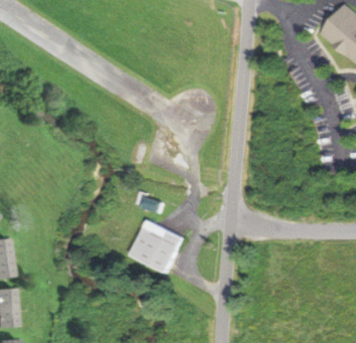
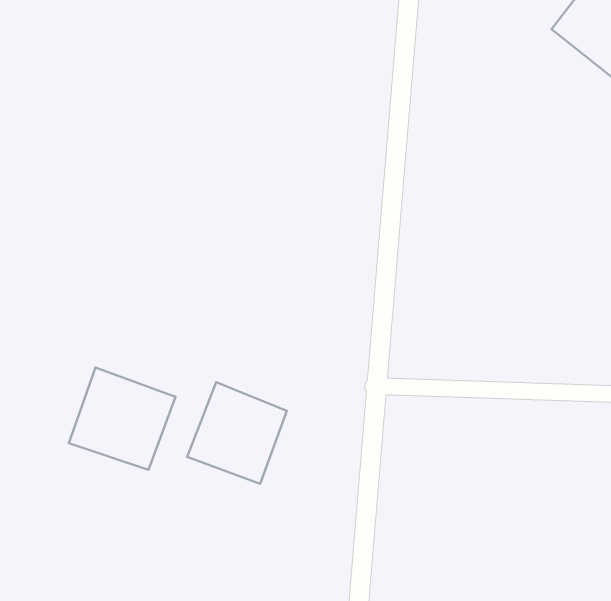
building: none -> [69,367,175,470]

